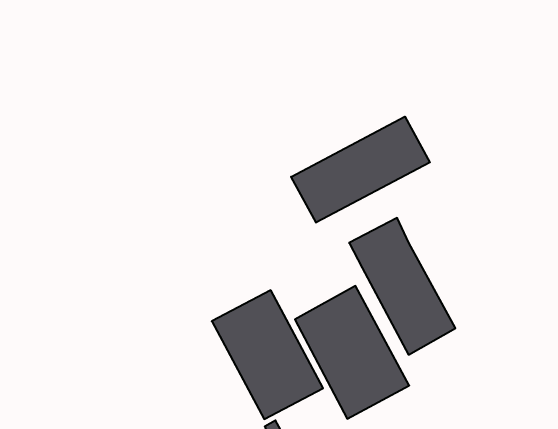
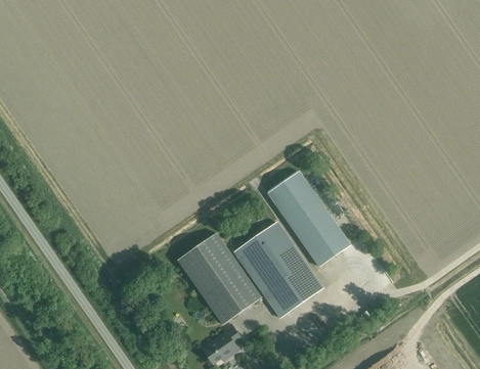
building: [291,117,430,223] -> none

